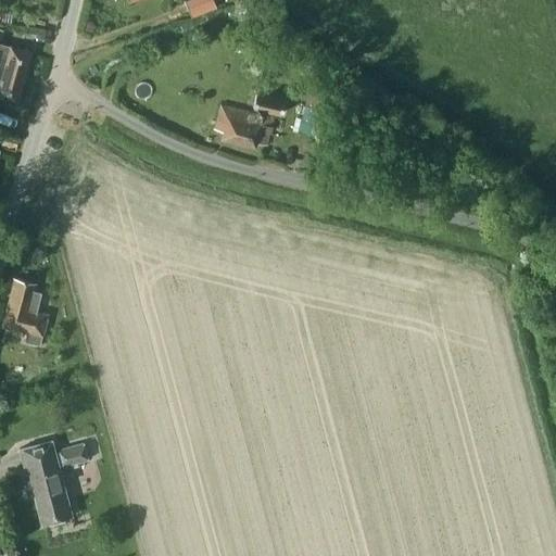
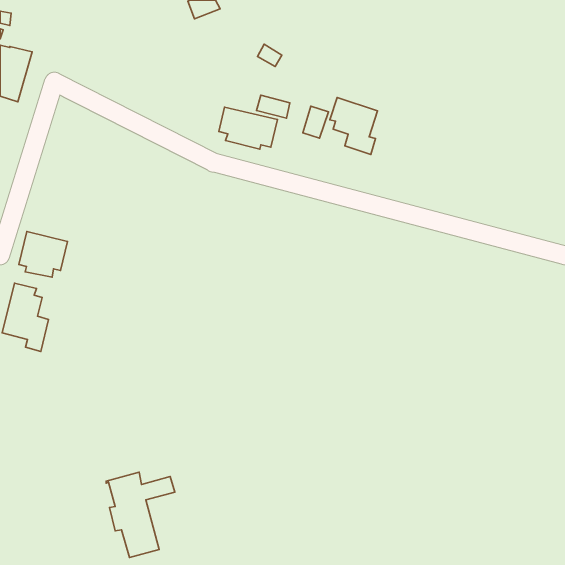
building: none -> [330,98,377,154]
building: none -> [19,232,67,277]
building: [20,440,87,523] -> [106,472,175,557]

